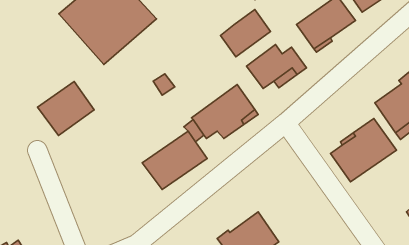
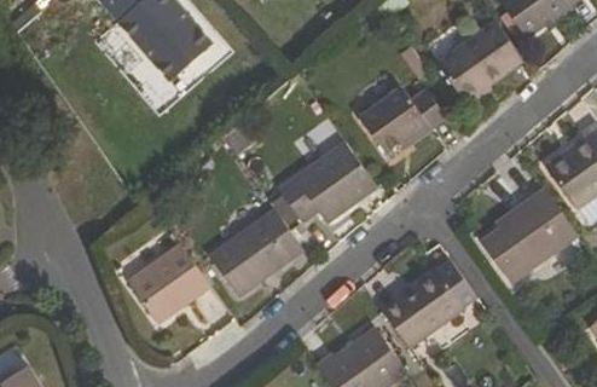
building: [220,9,271,57] -> none
building: [38,81,94,136] -> [124,243,207,322]
building: none -> [382,266,475,347]

